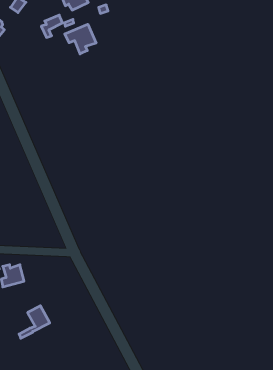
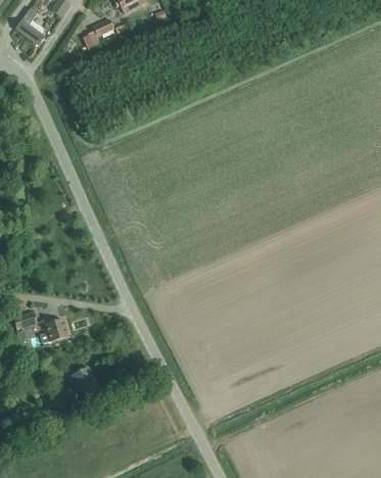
building: [65,24,96,54] -> none

